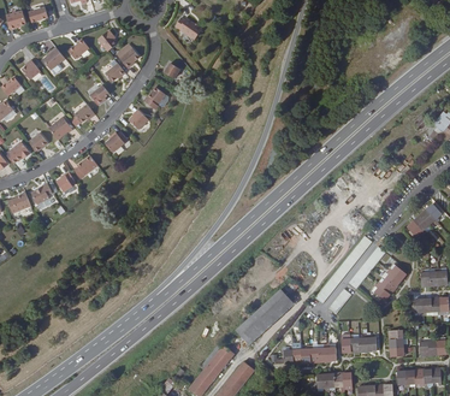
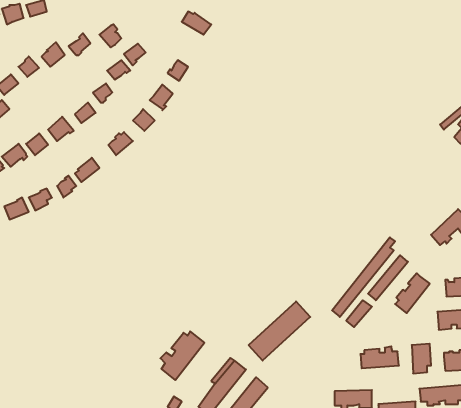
building: none -> [160,331,204,380]
building: [283,343,336,364] -> none

